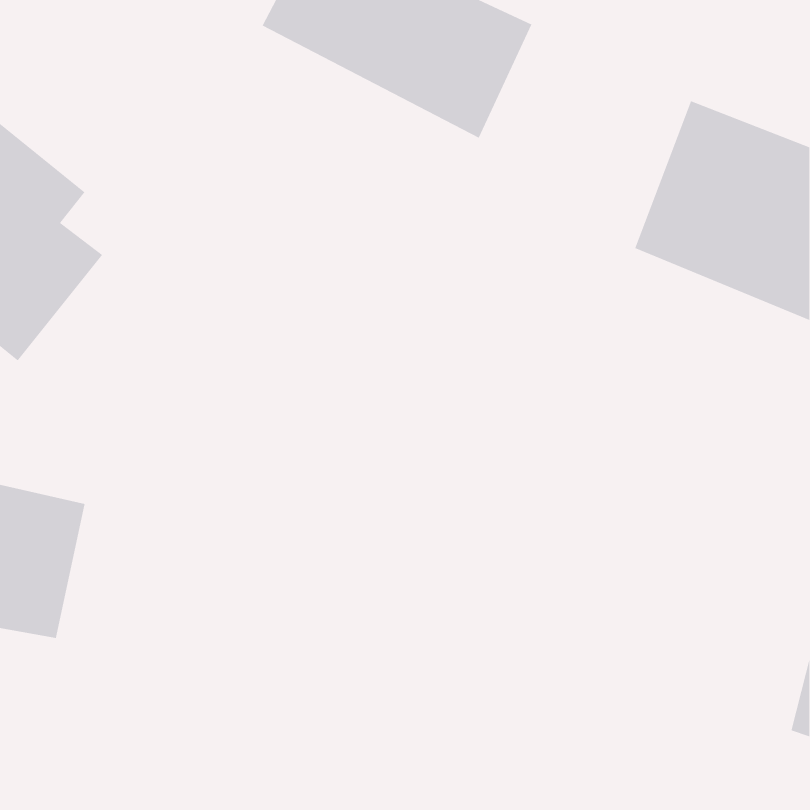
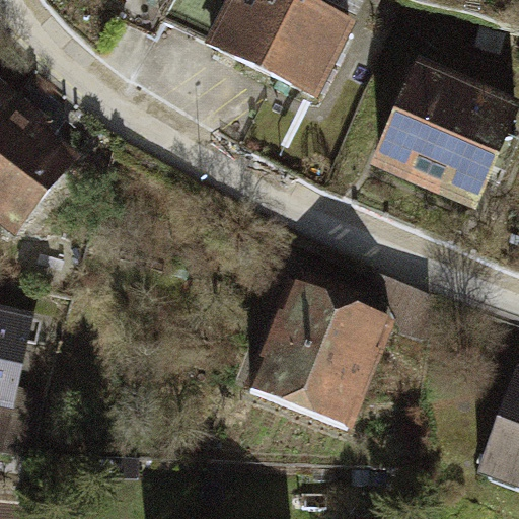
building: none -> [241,271,393,444]

